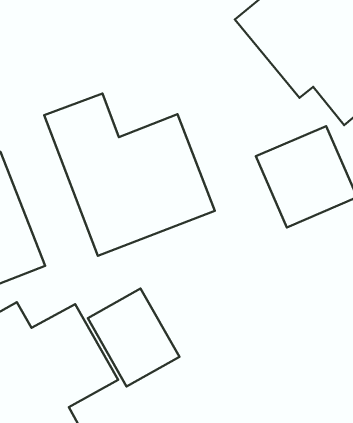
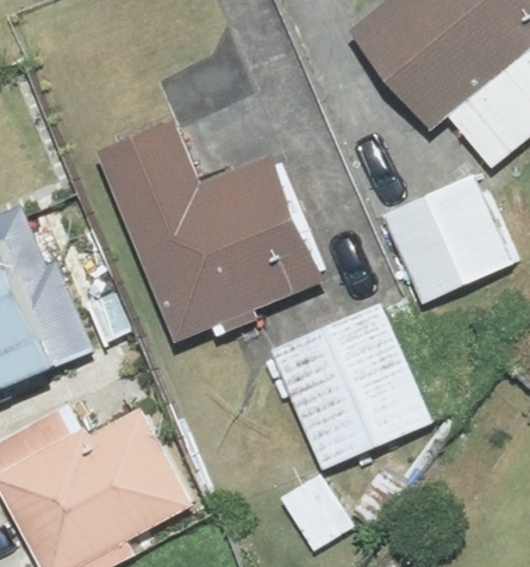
building: none -> [266,306,435,476]
building: [88,289,179,386] -> none

